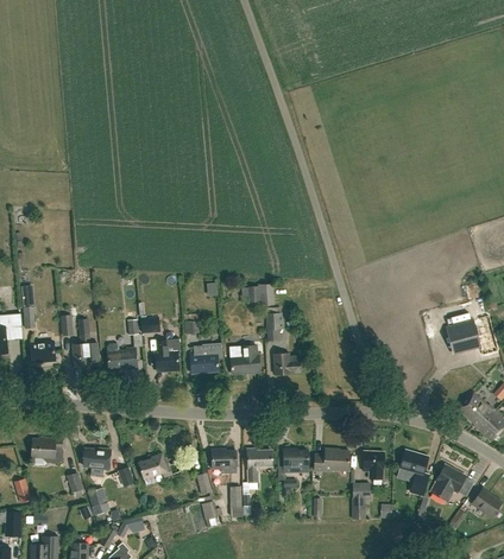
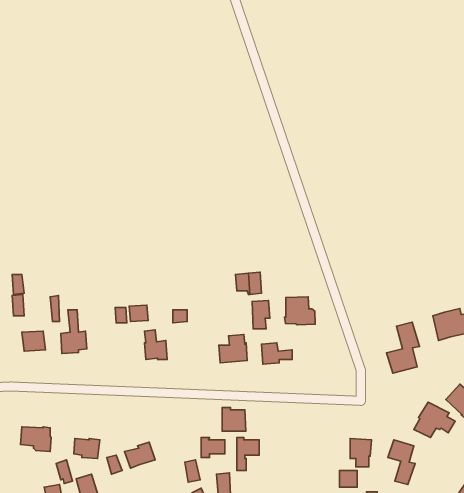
building: none -> [284,297,315,325]
building: none -> [387,322,420,373]
building: [106,343,137,370] -> none
building: [190,344,222,374] -> none
building: [314,447,348,470] -> none
building: [283,449,307,472] -> [222,407,246,431]
building: [430,464,472,500] -> [414,402,455,438]

